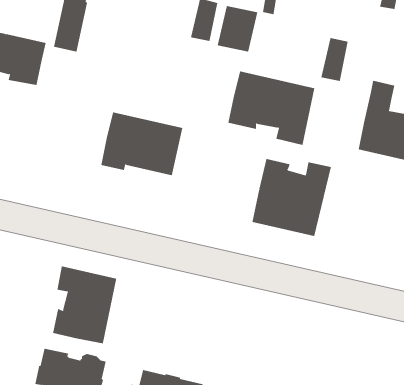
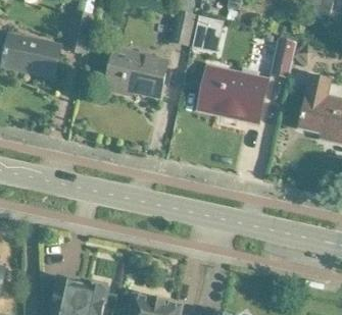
building: [101,112,183,176] -> [105,49,168,98]
building: [252,158,331,237] -> none
building: [53,266,117,344] -> none

